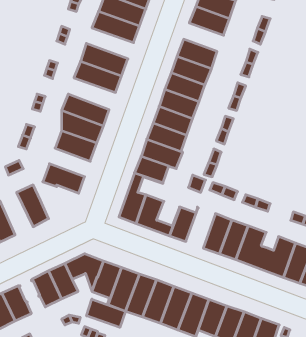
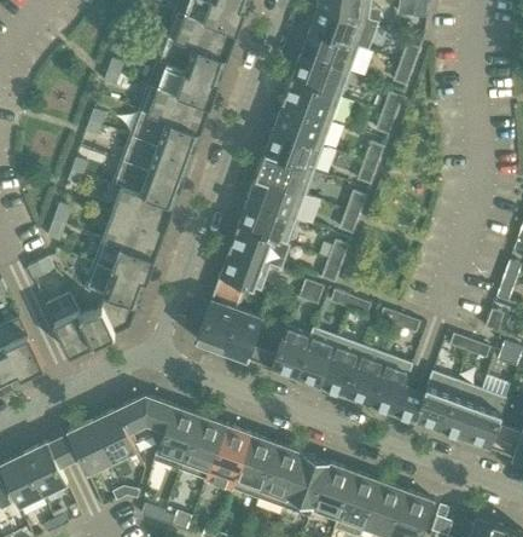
building: none -> [291,54,350,97]
building: none -> [147,62,217,108]
building: none -> [121,135,191,183]
building: none -> [93,239,153,282]
building: none -> [80,294,136,343]
building: none -> [295,328,338,387]
building: [87,299,126,327] -> none

